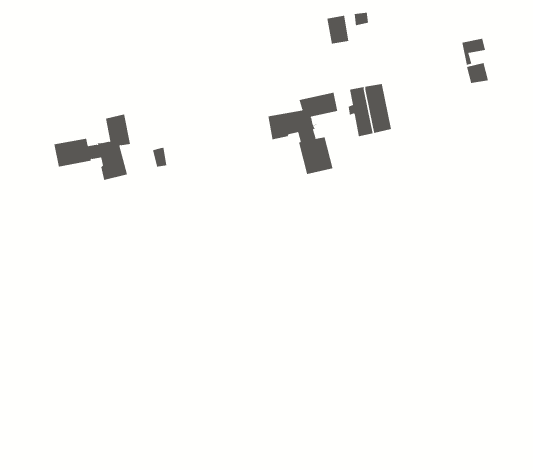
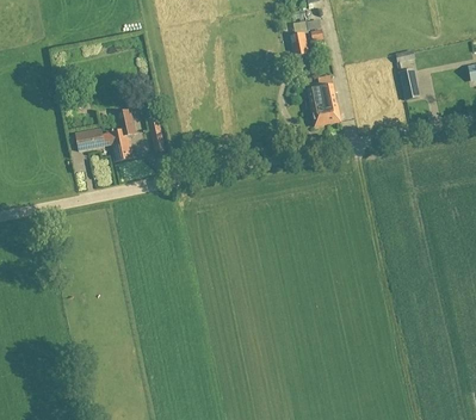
building: [268,92,338,175] -> none

